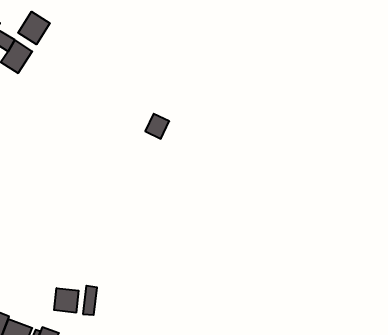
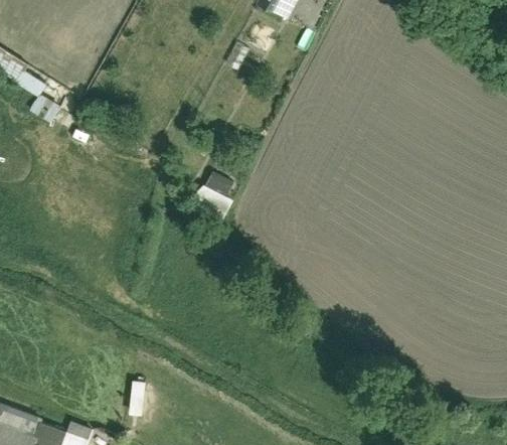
building: [18,12,50,44] -> none
building: [54,288,79,313] -> none

